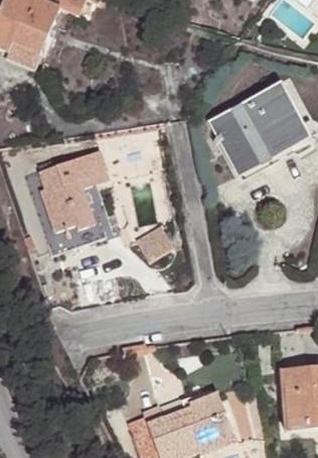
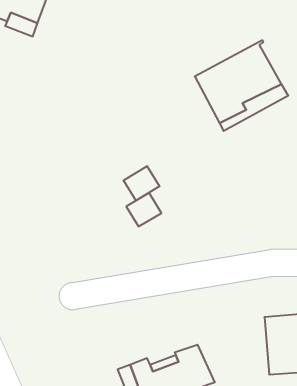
building: [38,152,106,252] -> none

